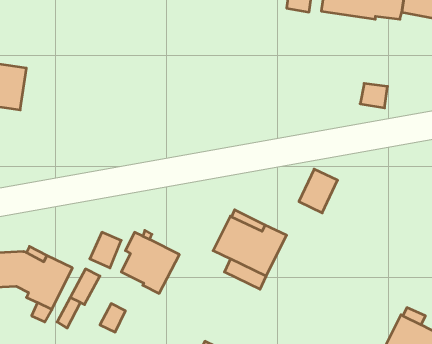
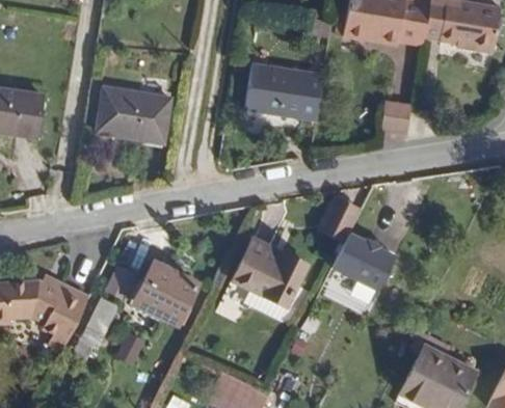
building: none -> [244,64,323,120]
building: none -> [96,87,169,143]
building: none -> [330,235,393,293]

